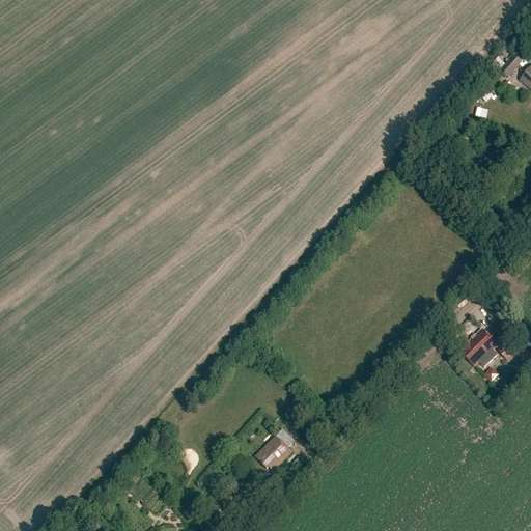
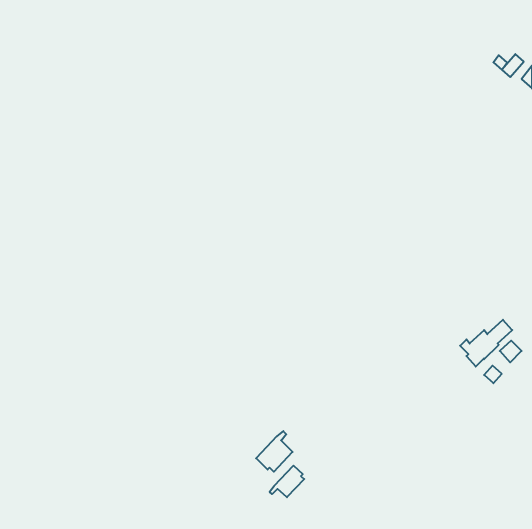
building: none -> [270,466,304,497]

